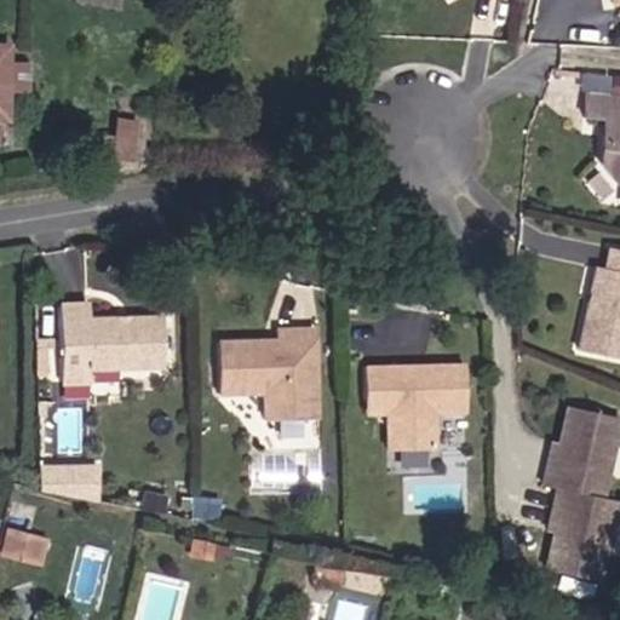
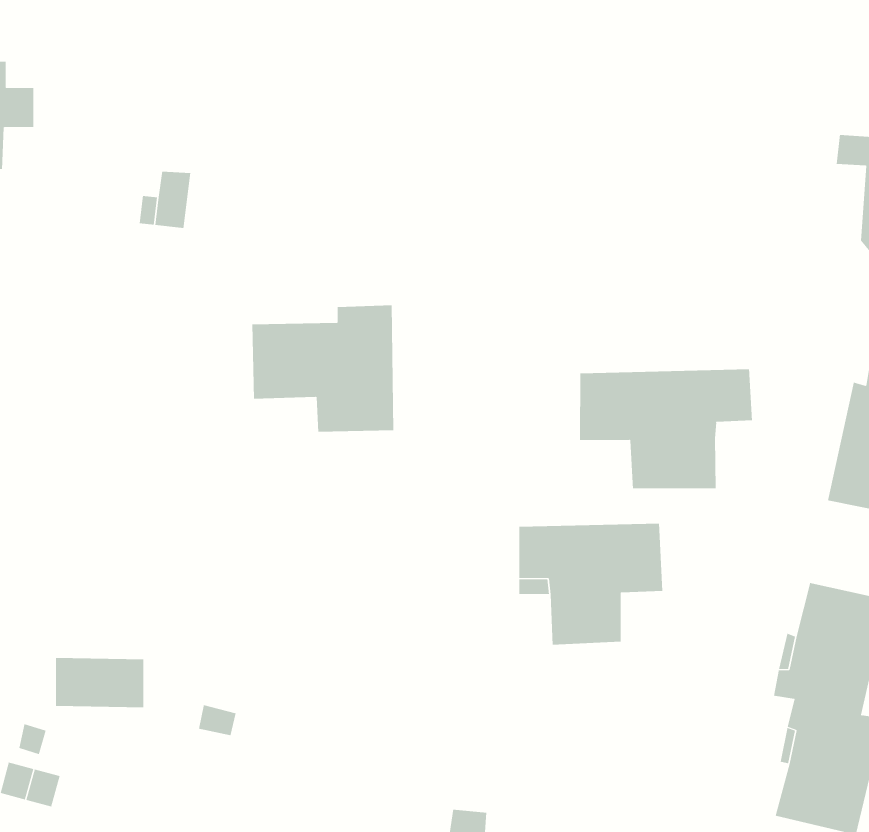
building: none -> [579,369,752,489]
building: [58,304,163,381] -> none
building: [219,328,318,417] -> [251,305,394,432]

